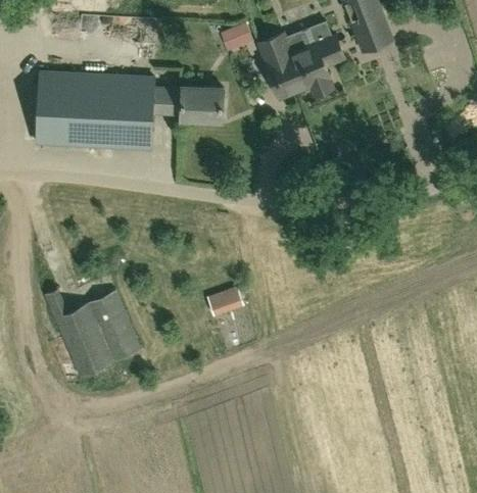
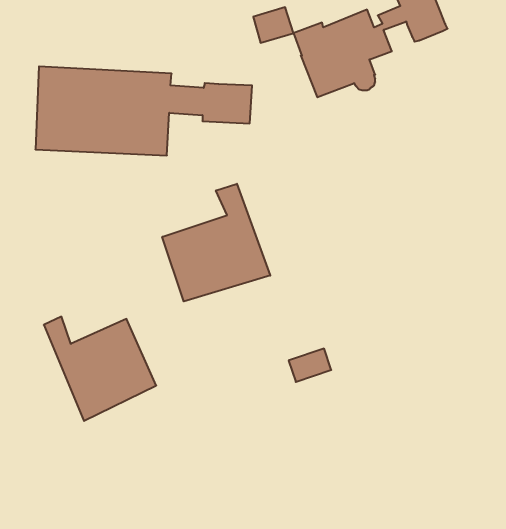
building: none -> [162,184,270,301]
building: [206,286,243,314] -> [289,349,331,382]

